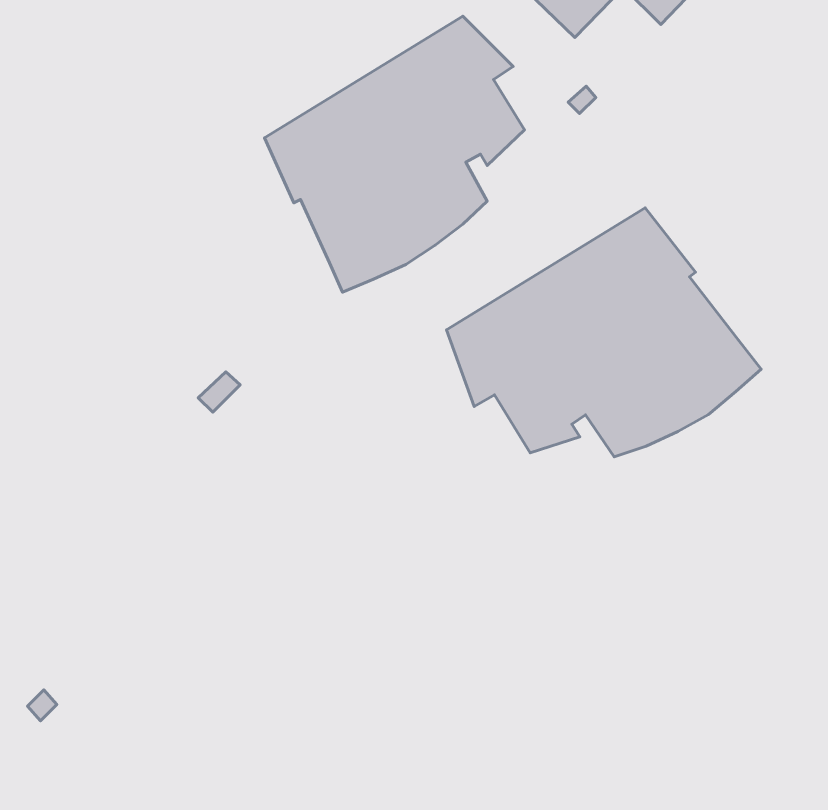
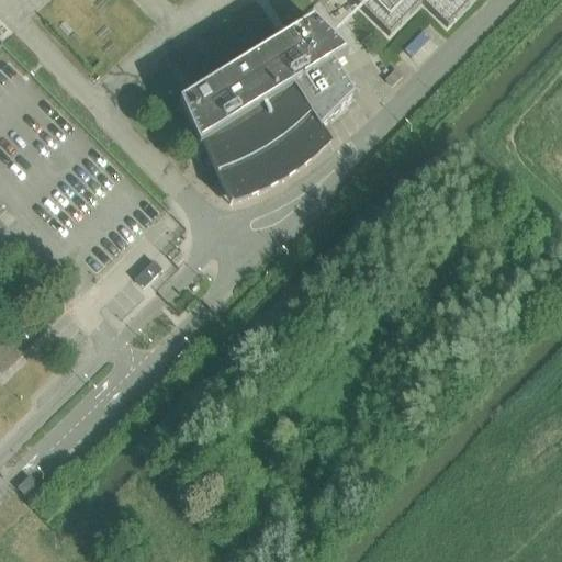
building: [447,208,761,457] -> none

